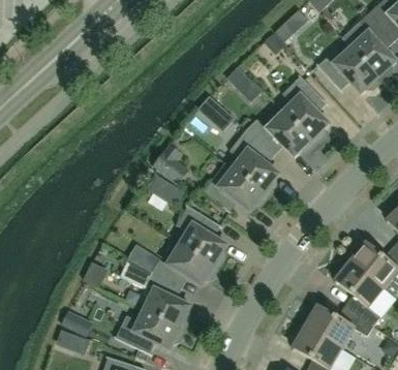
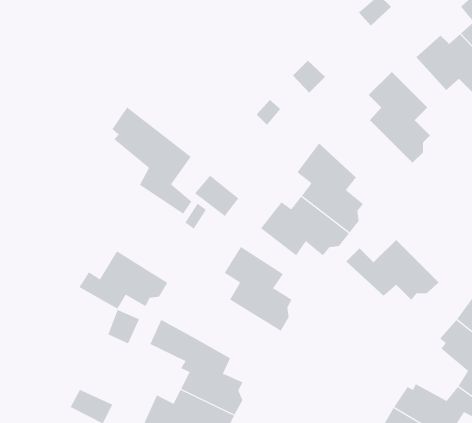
building: none -> [112,107,192,215]
building: [246,112,315,157] -> [346,239,439,301]
building: [152,244,218,287] -> [79,251,168,309]

